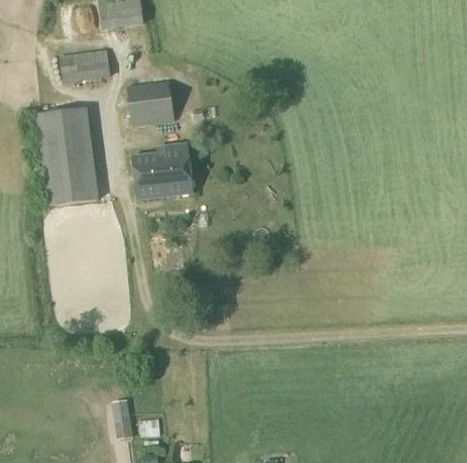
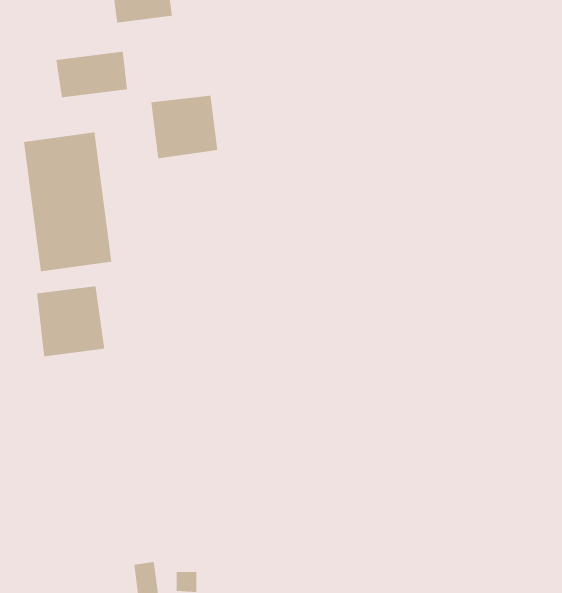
building: [132,142,194,198] -> none
building: none -> [37,285,105,357]

